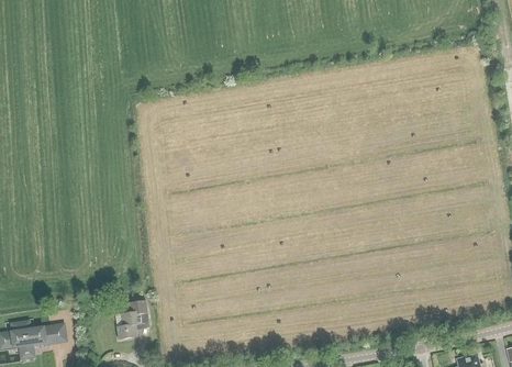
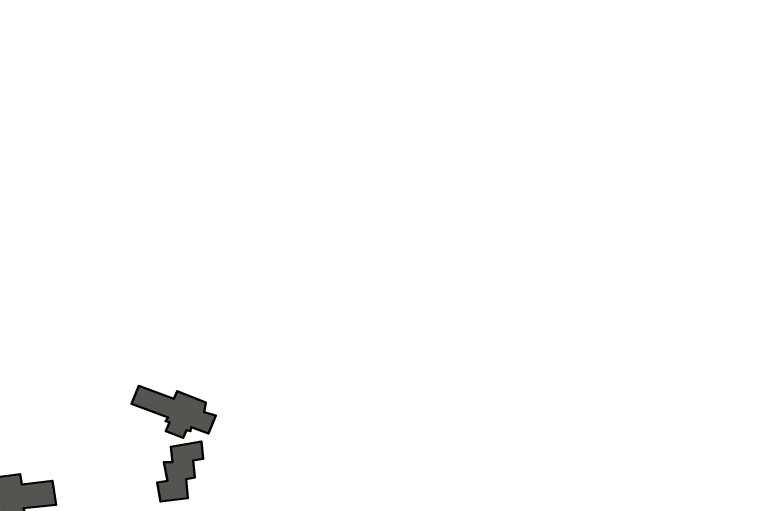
building: none -> [132,386,216,438]

